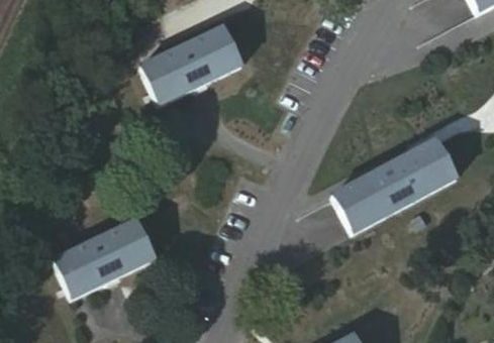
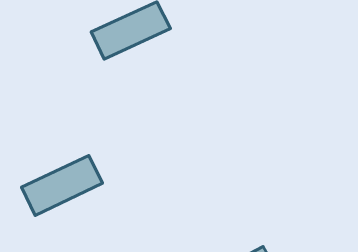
building: [334,141,454,229] -> none

